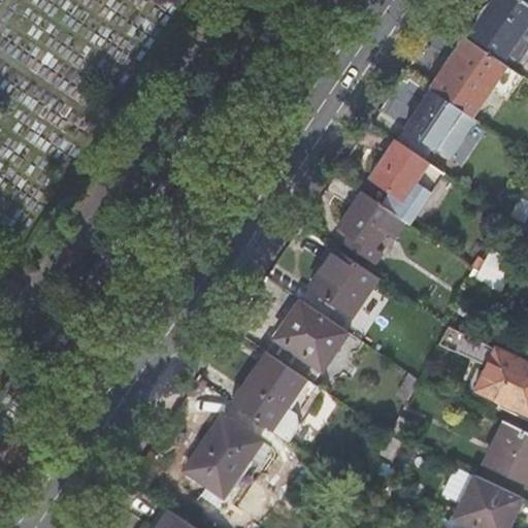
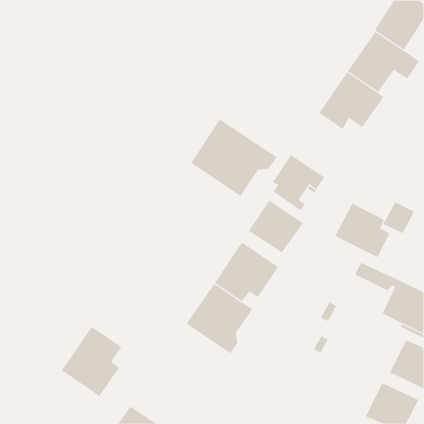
building: [369,140,428,201] -> none
building: none -> [191,118,278,197]
building: none -> [335,203,390,258]
building: [184,416,260,503] -> [61,326,122,397]

